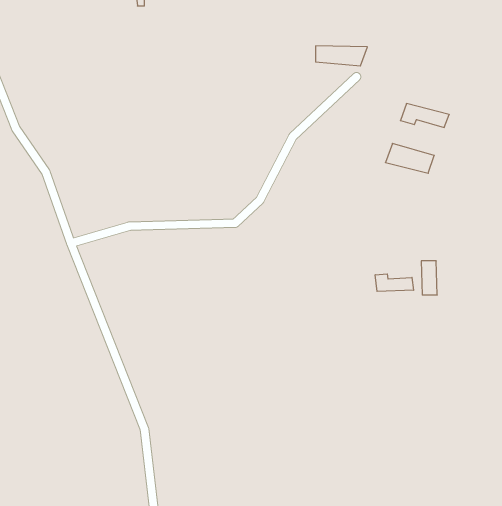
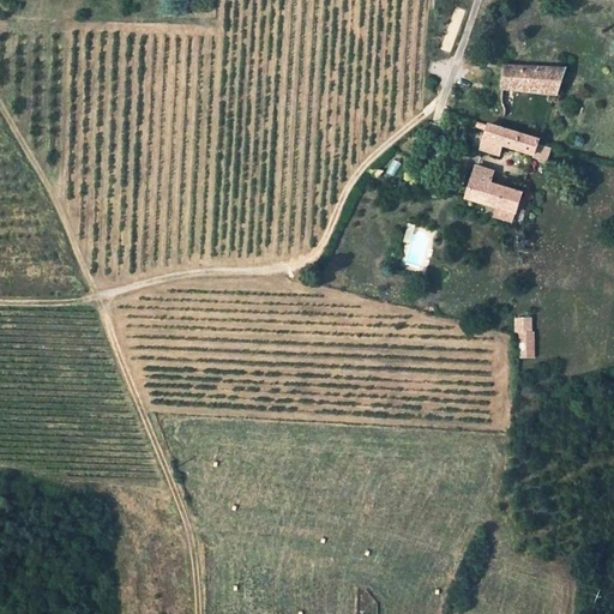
building: [316,46,367,66] -> [504,66,566,90]
building: [375,274,414,291] -> none

